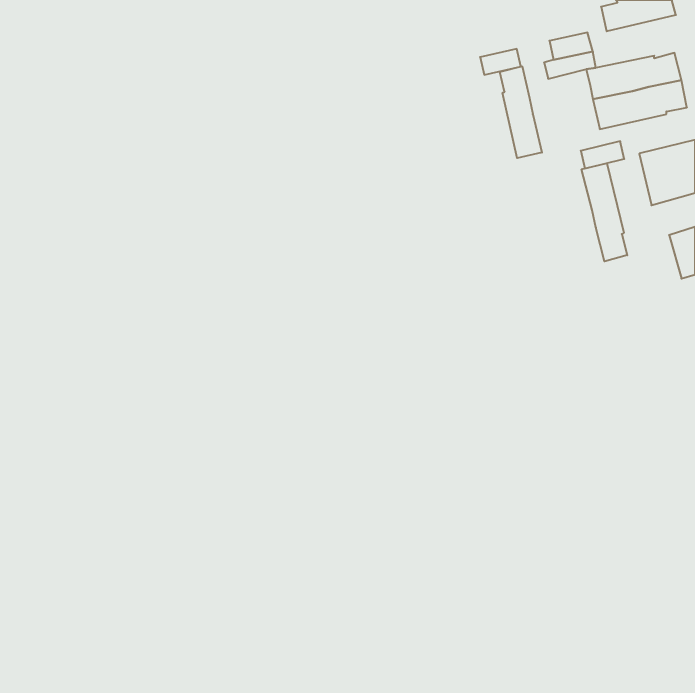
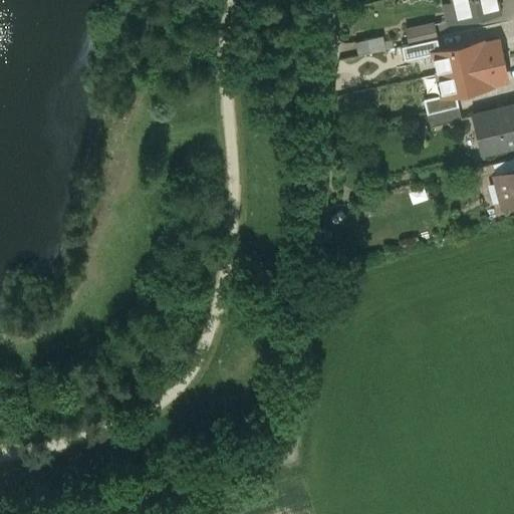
building: [500,66,542,158] -> none
building: [582,163,627,261] -> none

